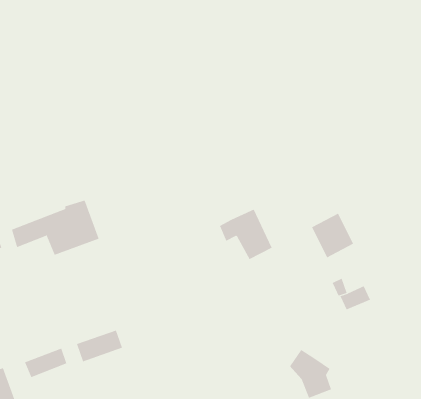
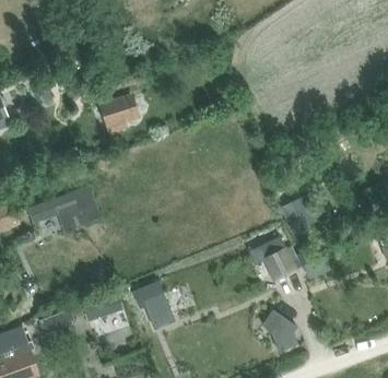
building: none -> [102,96,139,130]
building: [219,209,272,260] -> [249,237,294,280]
building: none -> [131,281,175,329]

